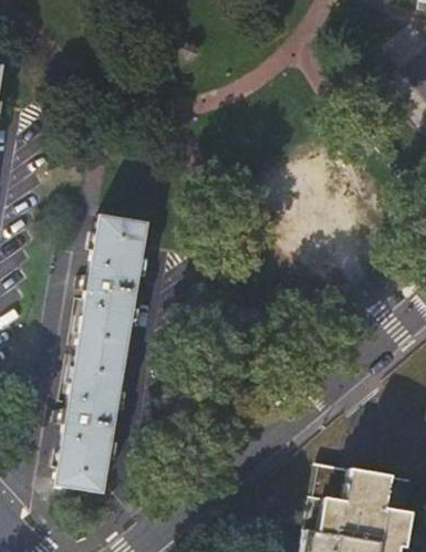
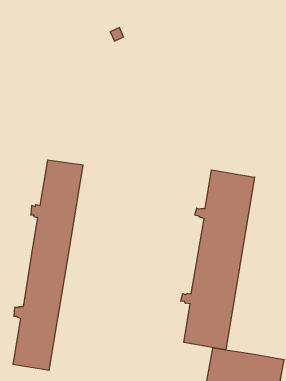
building: none -> [181,170,255,350]

